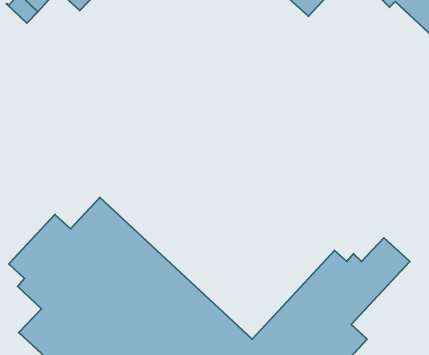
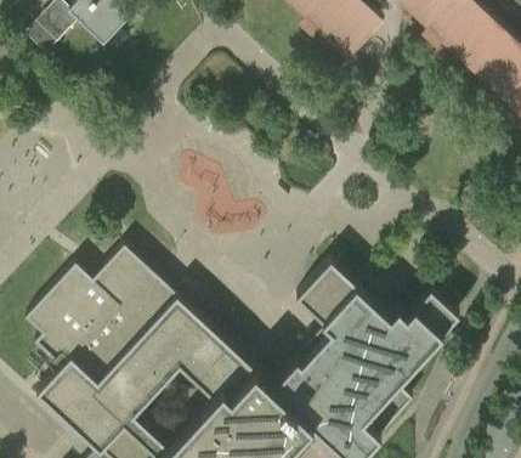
building: none -> [296,261,362,327]

